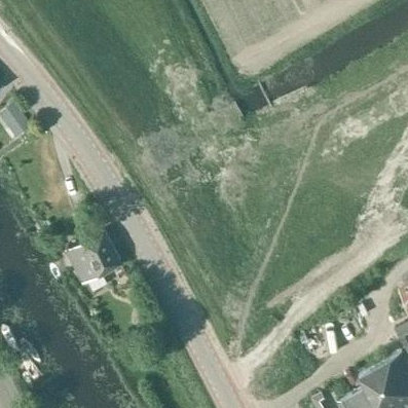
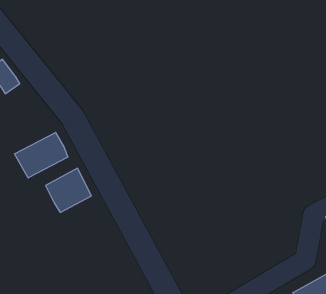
building: none -> [15,132,68,178]

